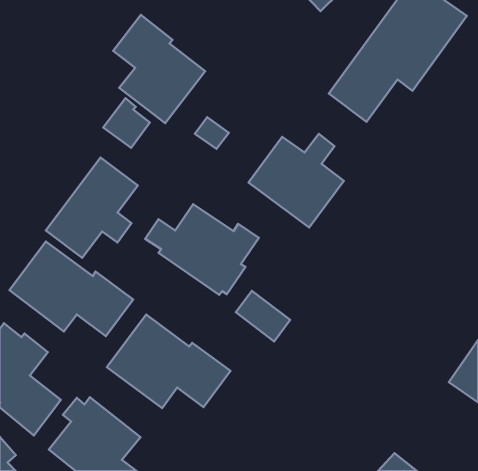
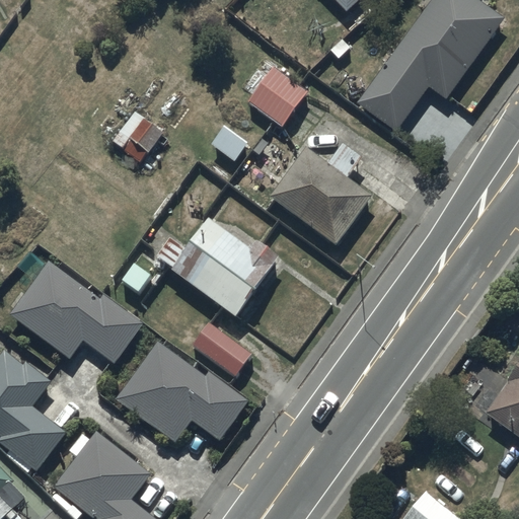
building: [113,15,205,123] -> none
building: none -> [247,66,307,126]
building: [46,158,138,258] -> none
building: [236,291,290,341] -> [193,321,251,376]

